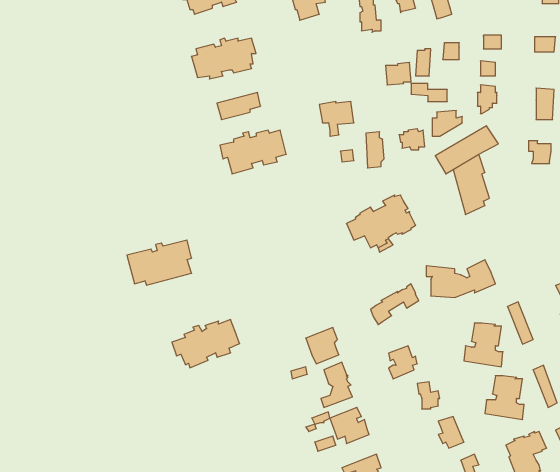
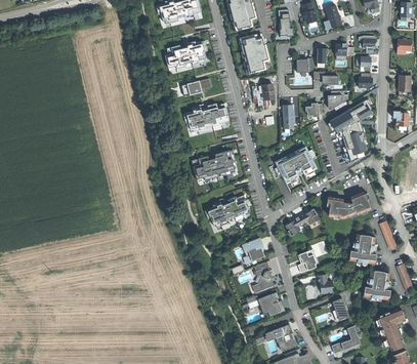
building: none -> [244,37,268,72]
building: [127,240,192,285] -> [192,150,236,180]
building: [172,320,240,368] -> [205,195,251,228]

